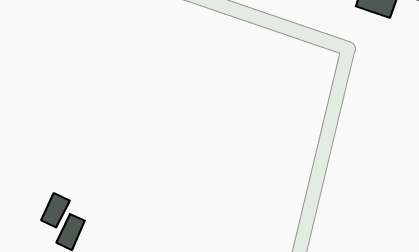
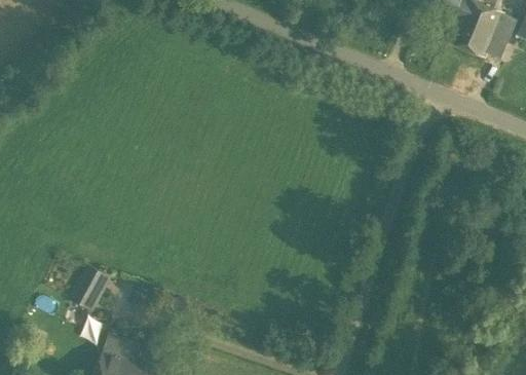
building: [41,193,70,228] -> none

